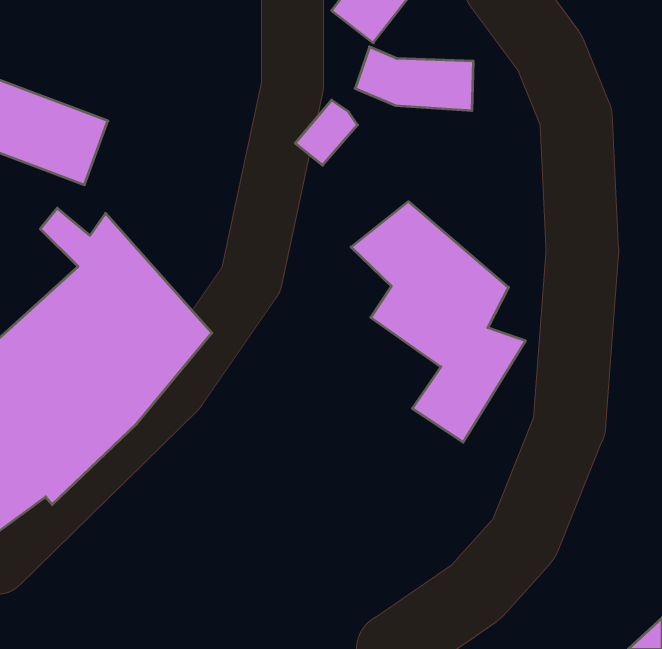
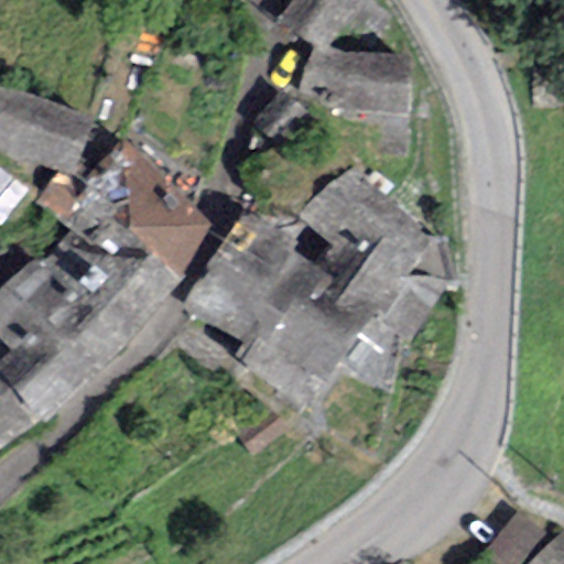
building: none -> [82,130,212,282]
building: none -> [181,210,373,406]

